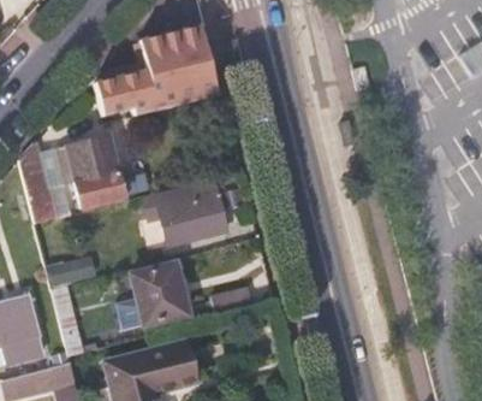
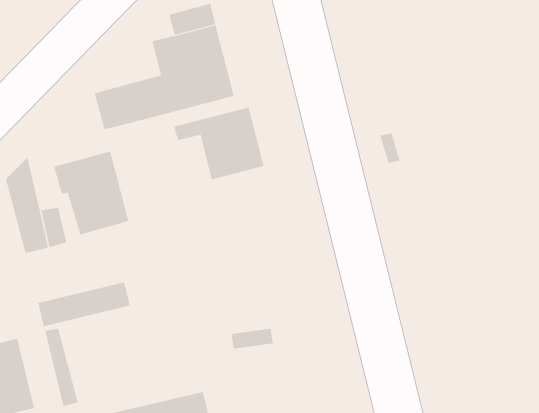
building: [147,179,225,242] -> [173,107,265,180]
building: [127,265,189,326] -> none

